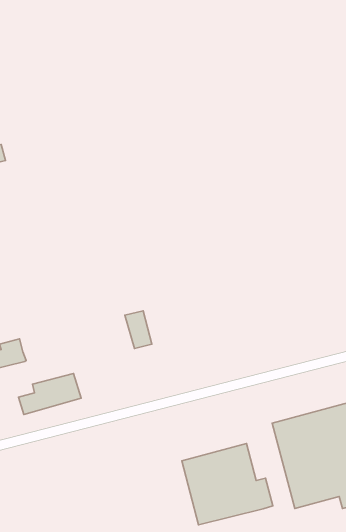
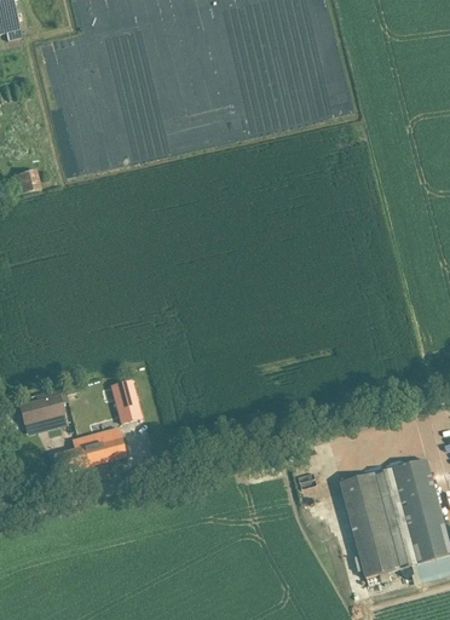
building: [125,311,152,349] -> [110,379,140,421]
building: [182,444,273,525] -> none

